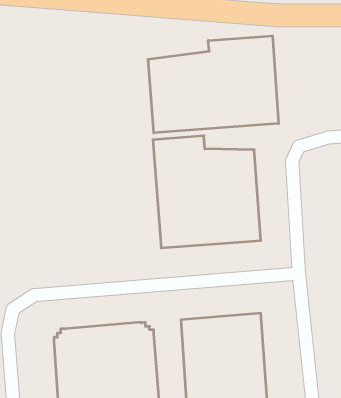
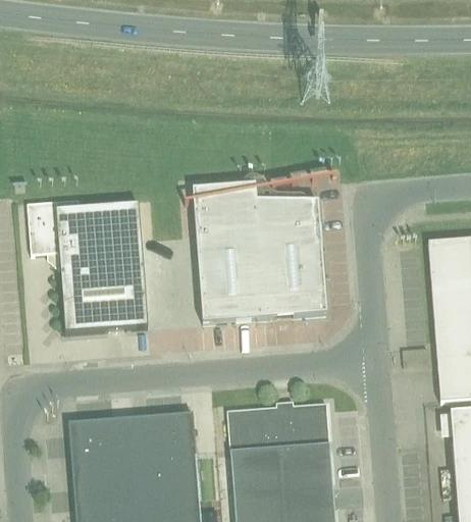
building: [148,36,279,133] -> none
building: none -> [28,201,148,333]

